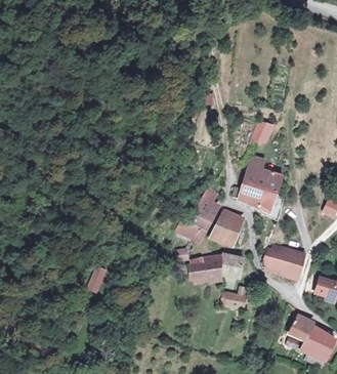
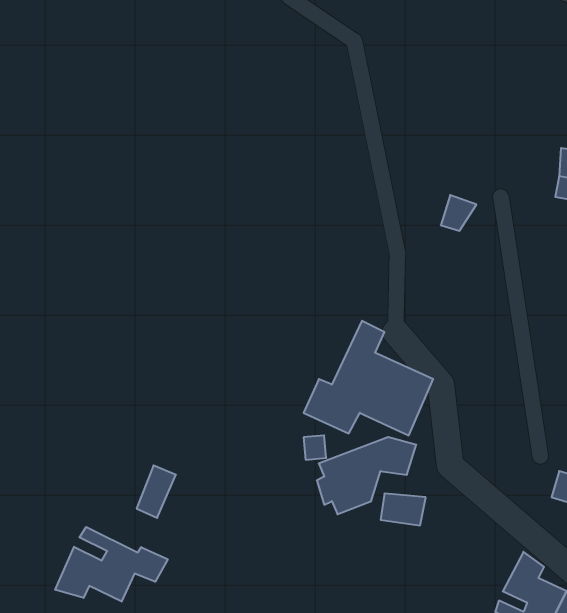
building: [234,153,277,208] -> none
building: [259,243,303,277] -> none
building: none -> [55,527,168,602]

